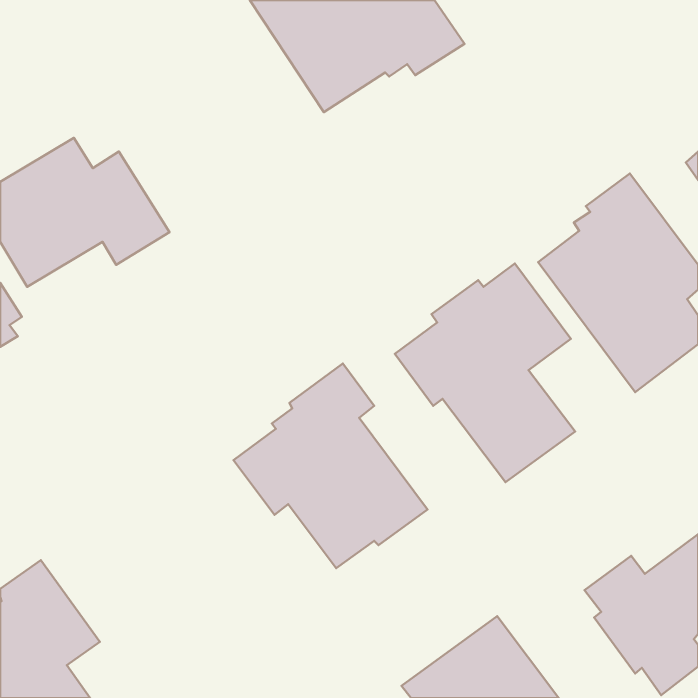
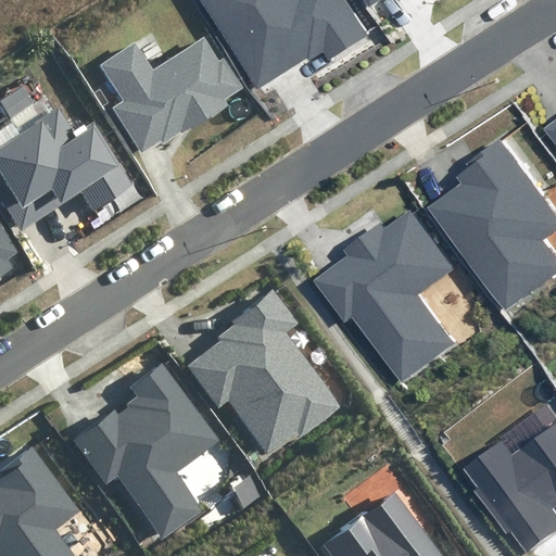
building: none -> [100,39,241,152]
building: none -> [73,365,220,540]

